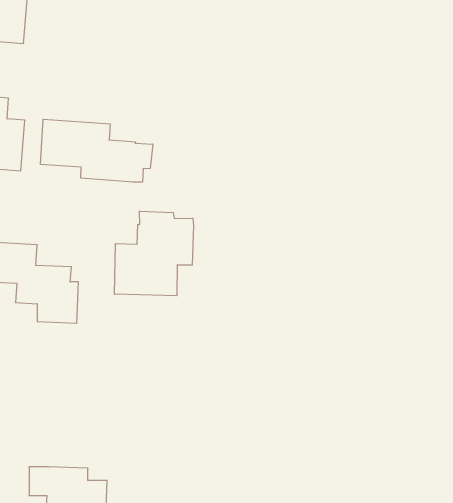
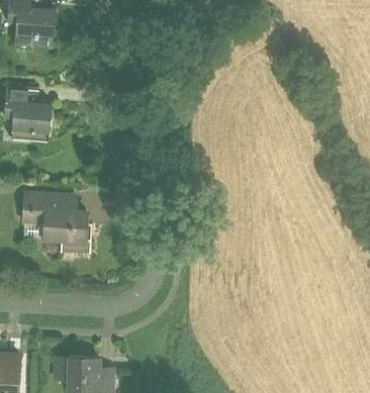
building: [41,119,153,182] -> none
building: [114,211,194,296] -> none

